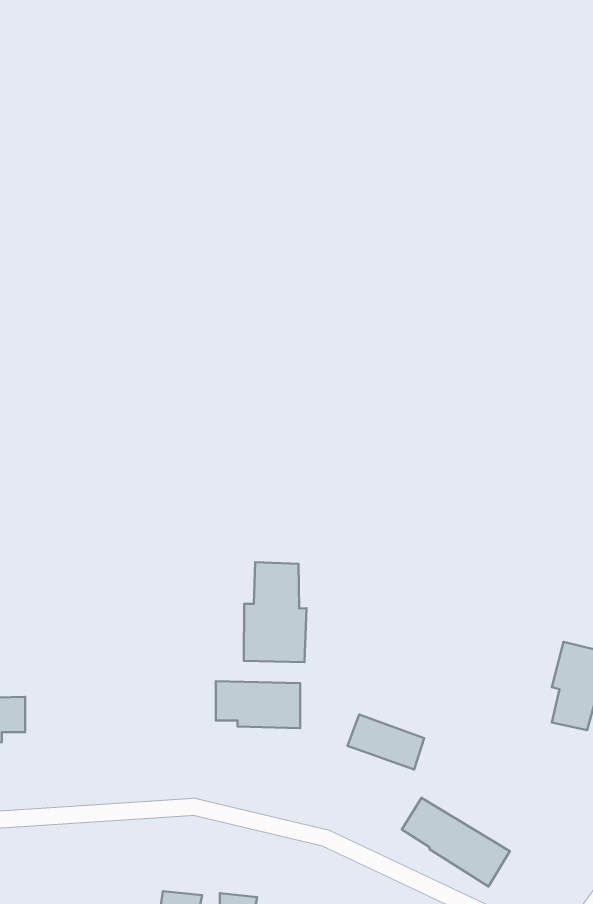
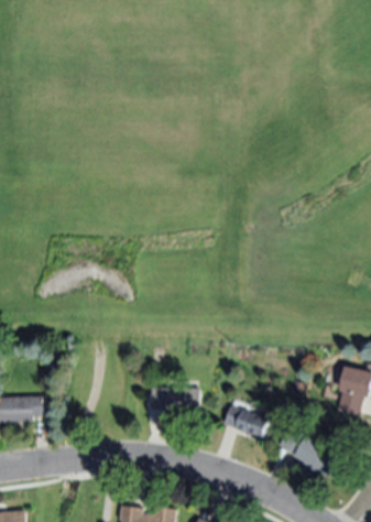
building: [244,562,307,662] -> none
building: [402,798,510,886] -> [279,427,339,477]

